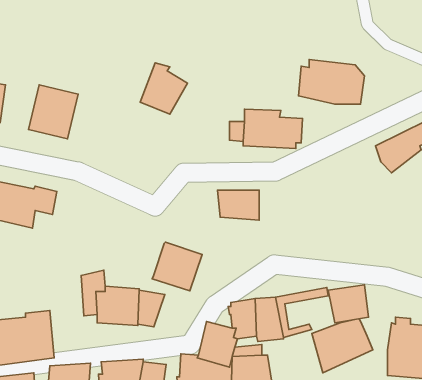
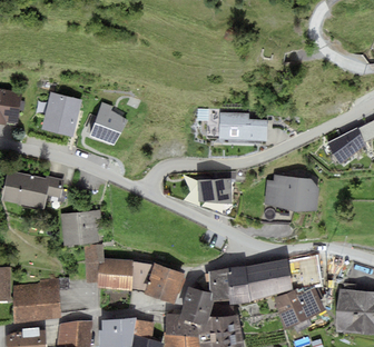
building: [298,59,365,104] -> [265,175,319,211]
building: [140,63,187,114] -> [89,103,128,146]
building: none -> [60,210,102,246]
building: [152,242,202,291] -> [144,264,185,304]
building: none -> [253,266,293,294]

